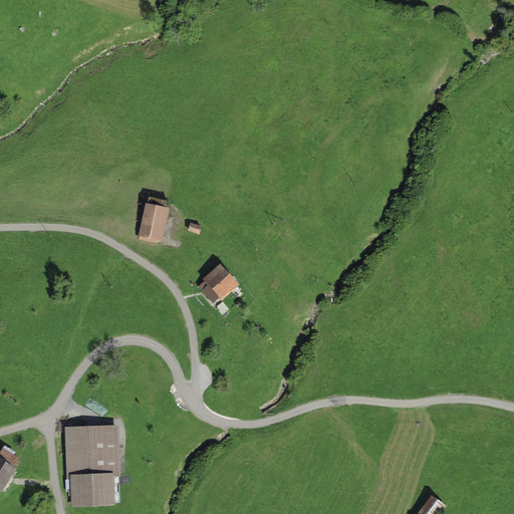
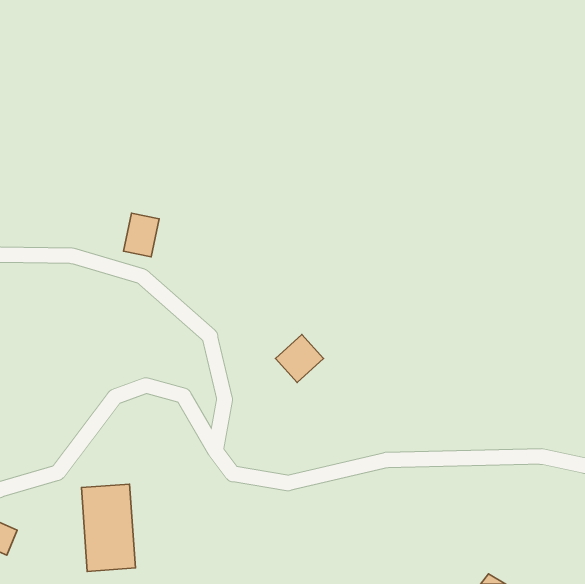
building: [137,203,168,241] -> [124,213,159,257]
building: [195,263,237,305] -> [275,334,324,383]

